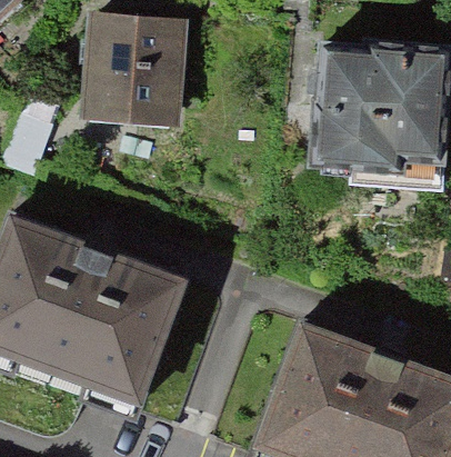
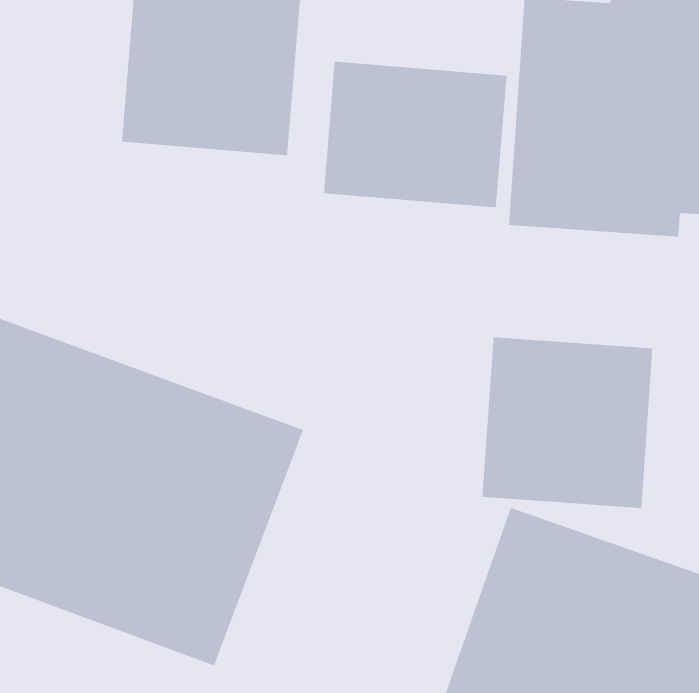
building: none -> [323,61,507,208]
building: none -> [482,337,653,509]

